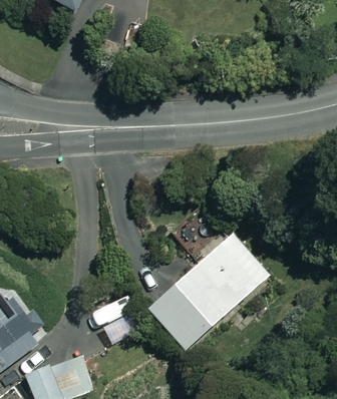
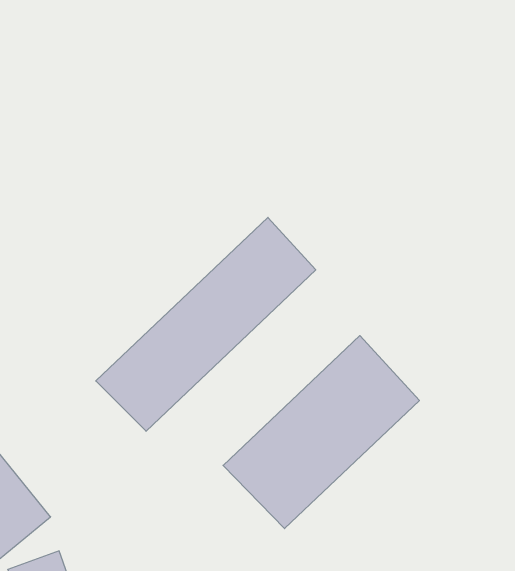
building: none -> [96,217,316,431]

